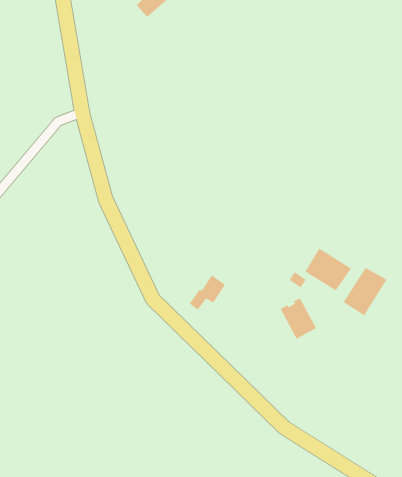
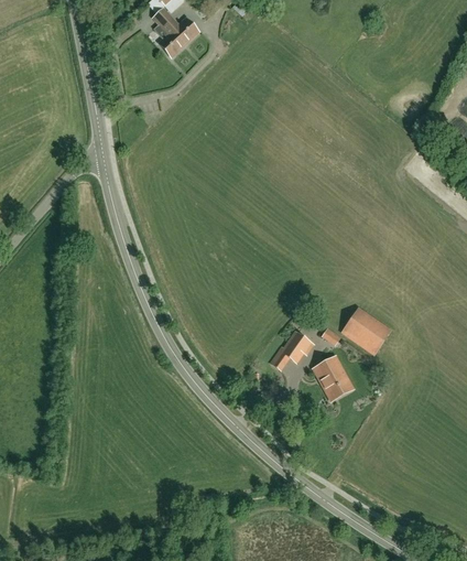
building: [343,267,387,316] -> none
building: [189,275,226,311] -> [271,334,311,373]

